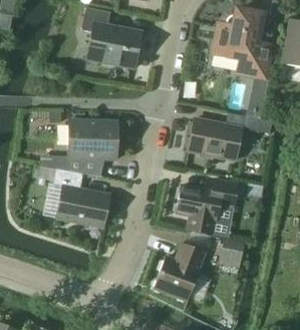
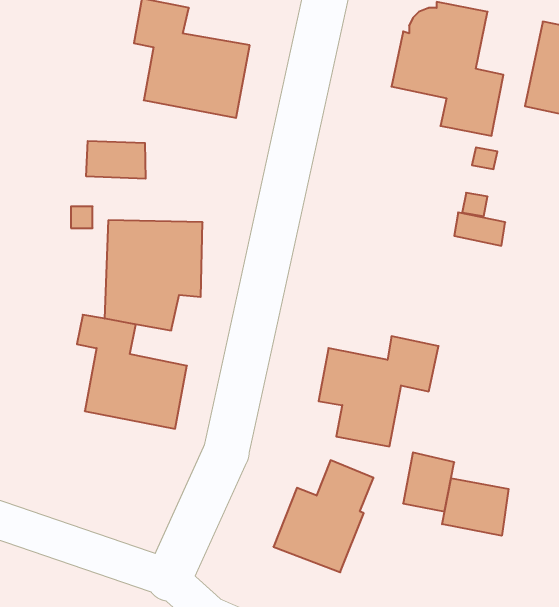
building: none -> [86,141,146,179]
building: [188,118,241,159] -> none
building: none -> [442,478,509,536]

